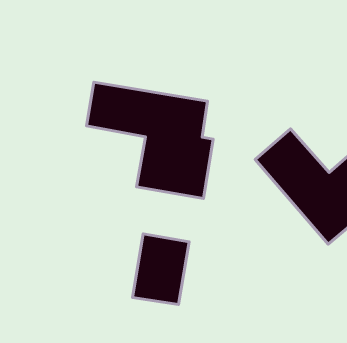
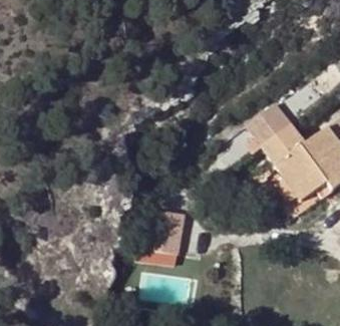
building: [86,82,213,199] -> none

